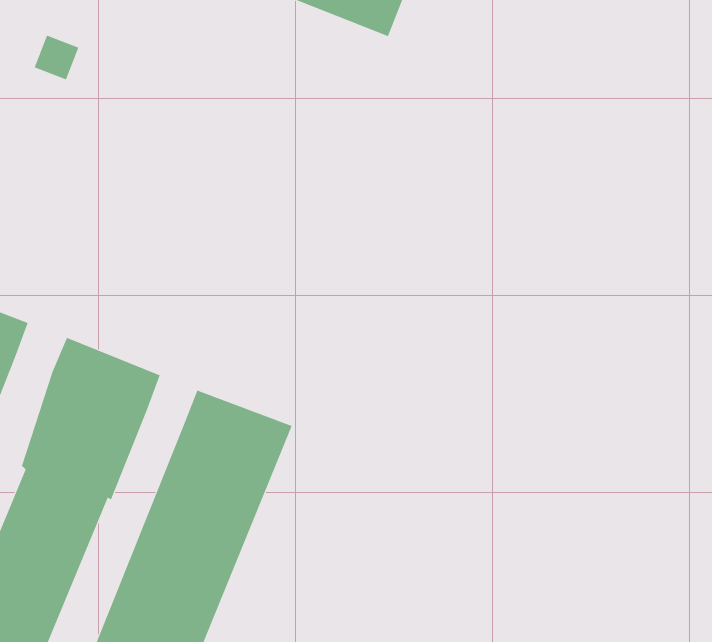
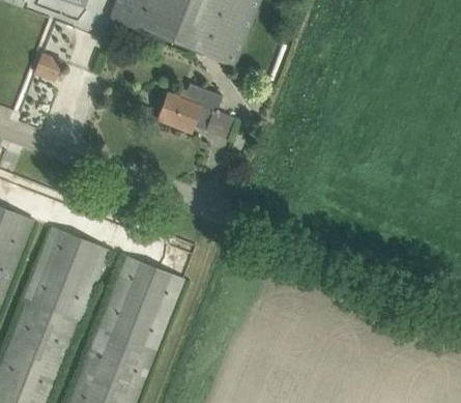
building: none -> [155,83,238,140]

